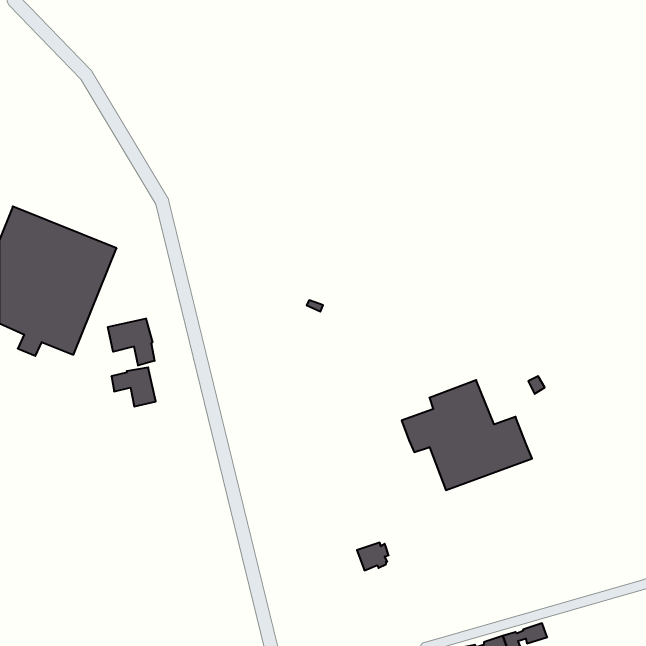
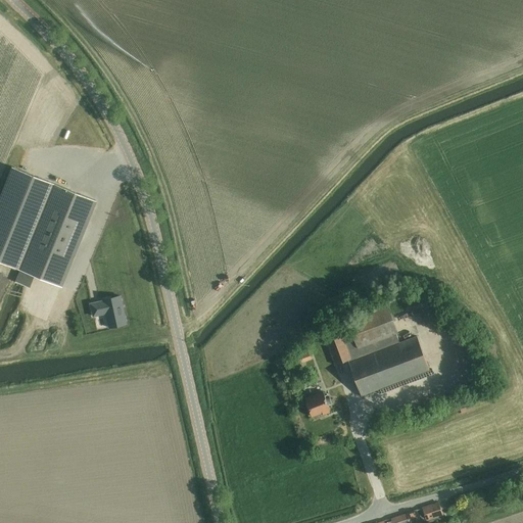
building: [108,318,155,366] -> none
building: [357,543,389,570] -> [304,394,330,417]

